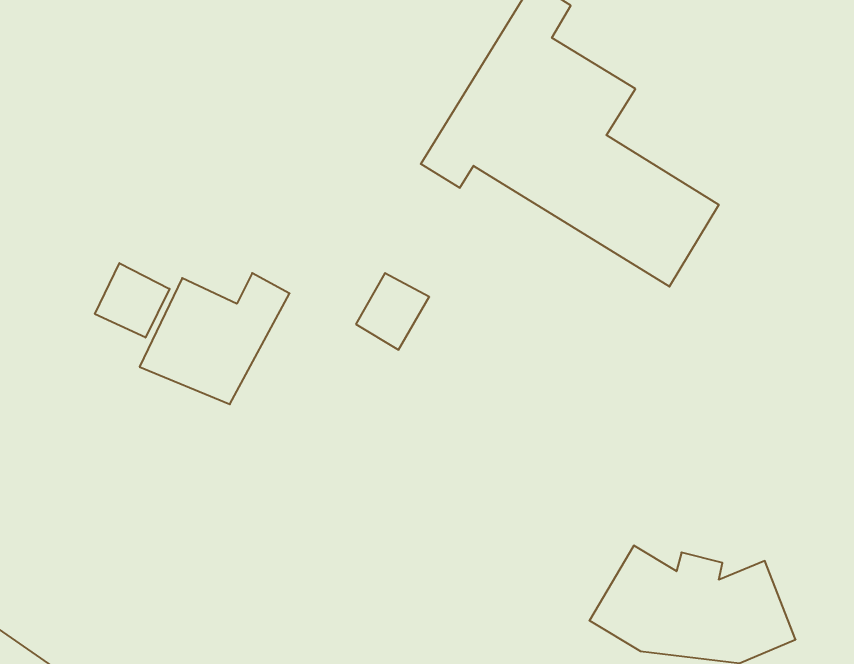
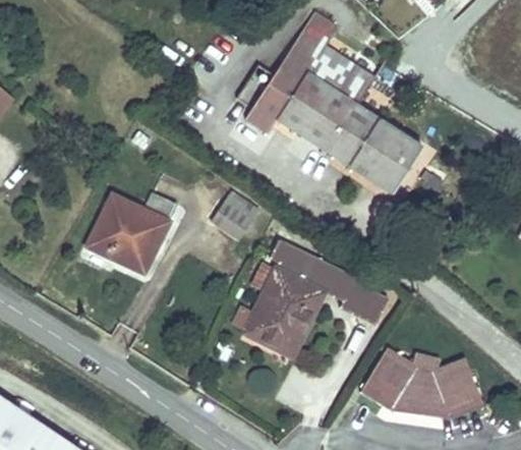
building: [95,263,170,338] -> none
building: none -> [234,235,390,348]

